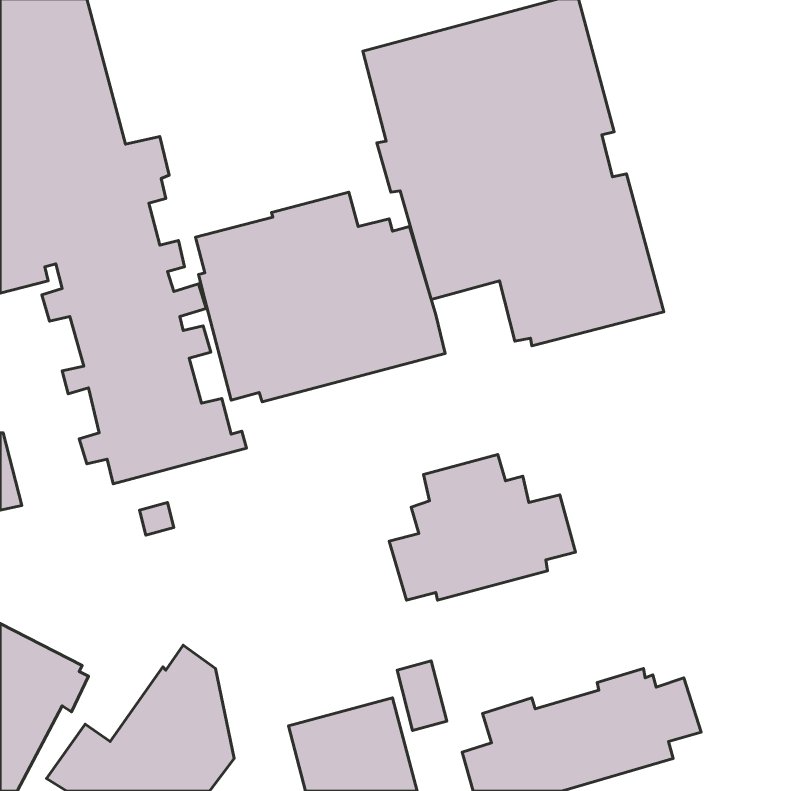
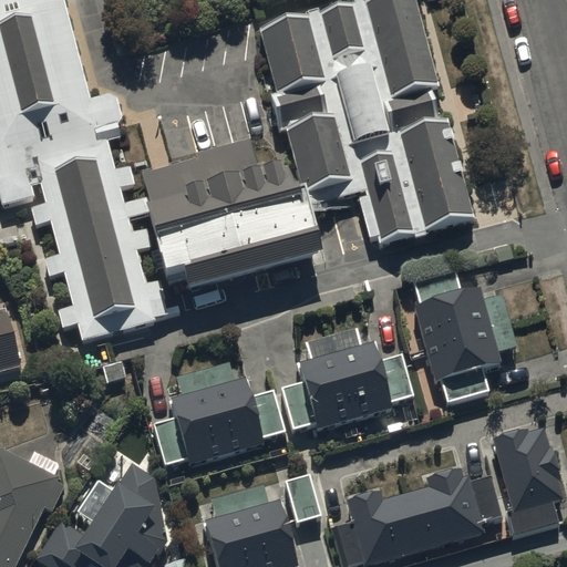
building: none -> [411,268,516,400]
building: none -> [152,358,285,463]
building: none -> [492,436,561,542]

